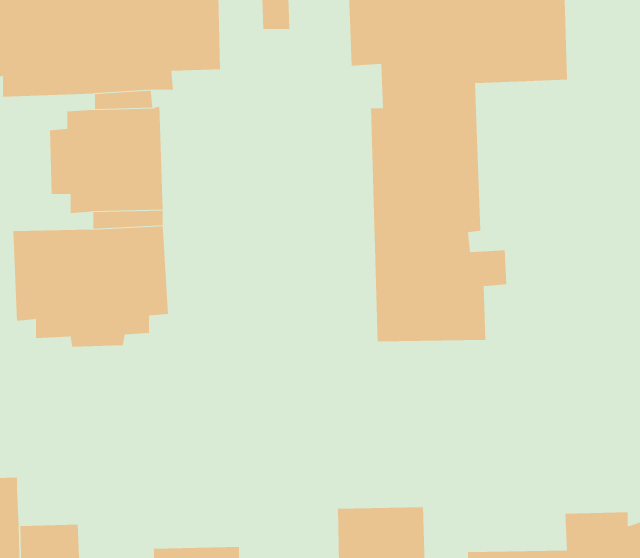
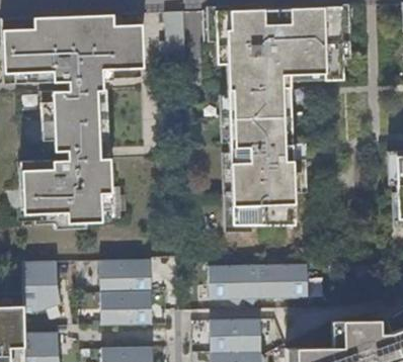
building: none -> [99,258,152,324]
building: none -> [22,260,62,311]
building: none -> [209,266,308,306]

